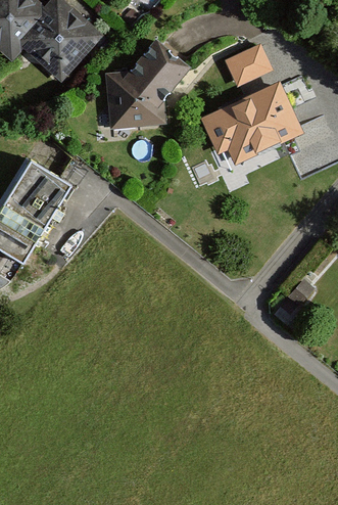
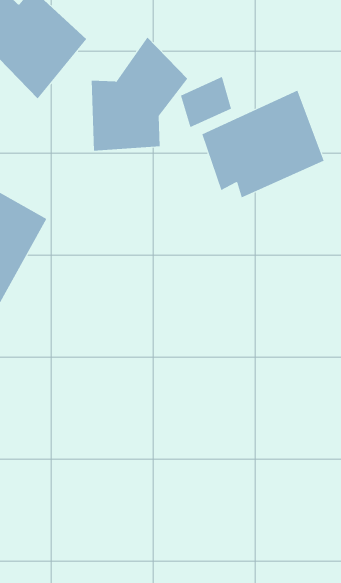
building: [228,43,272,87] -> [180,76,232,128]

